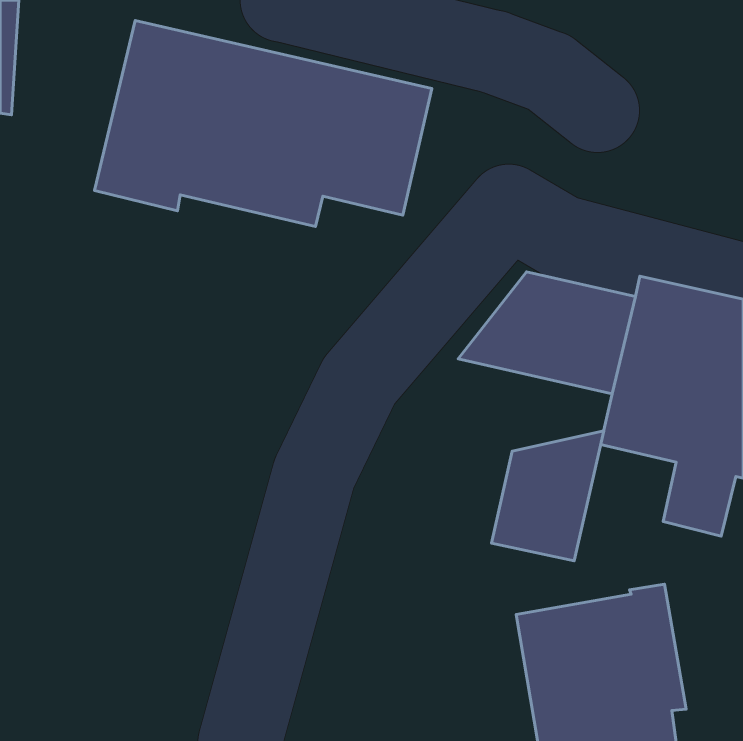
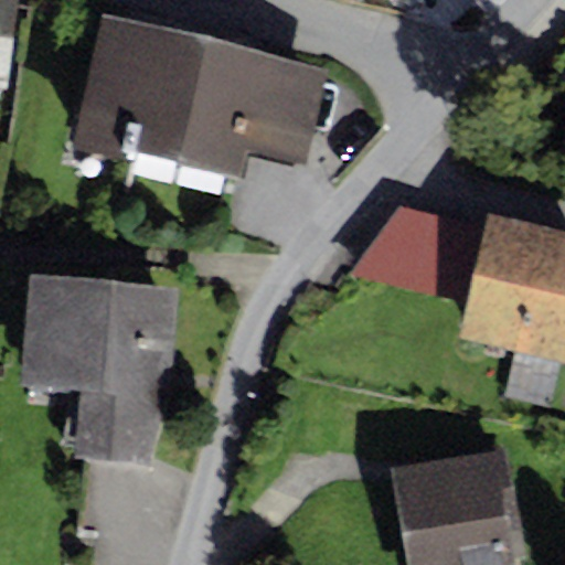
building: none -> [18,274,179,465]
building: [491,431,604,561] -> none

